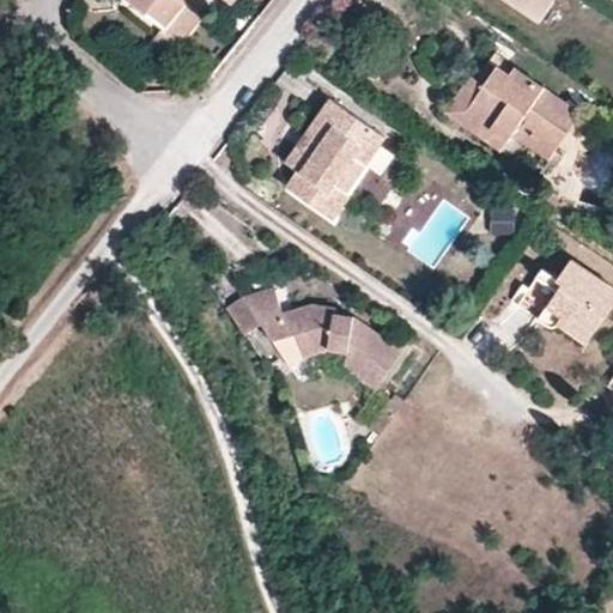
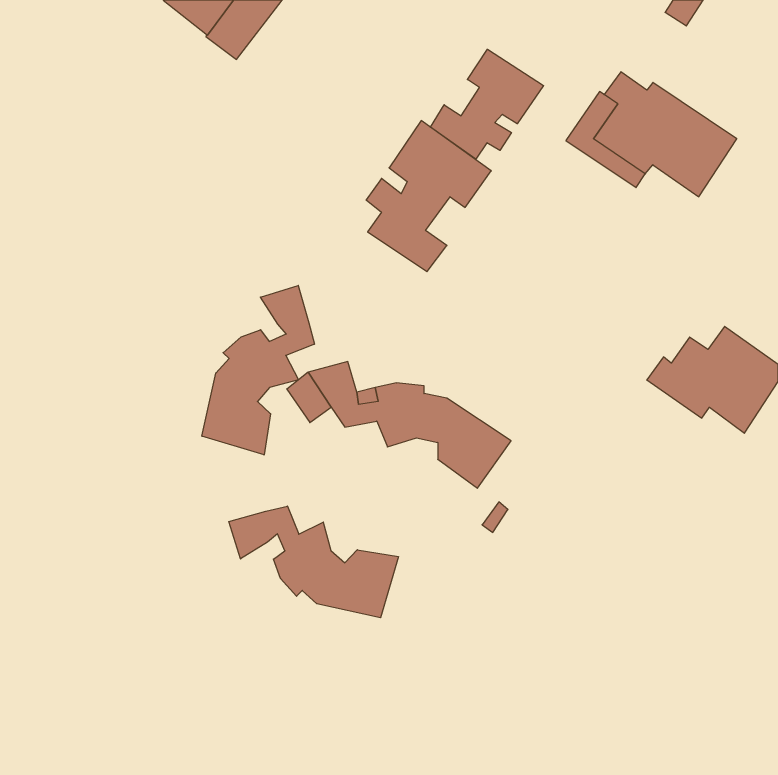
building: none -> [430,49,544,159]
building: none -> [202,285,314,455]
building: none -> [229,506,398,618]

